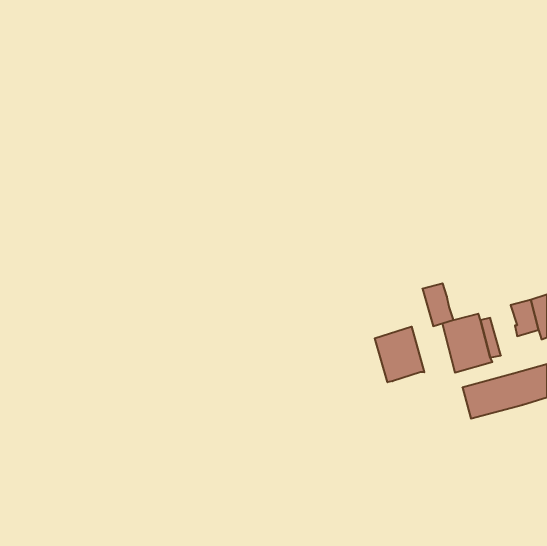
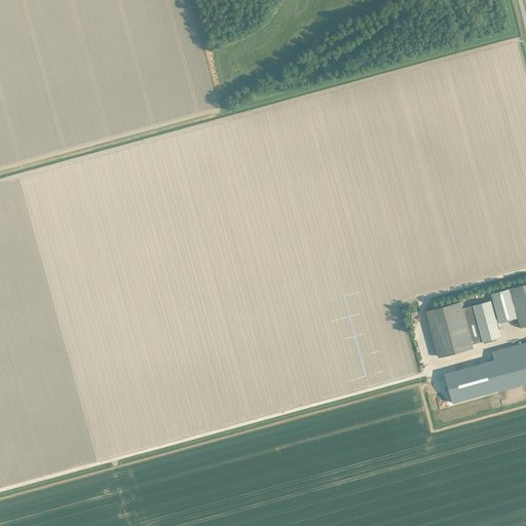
building: [422,283,453,326] -> [471,301,500,342]
building: [375,327,424,382] -> none

